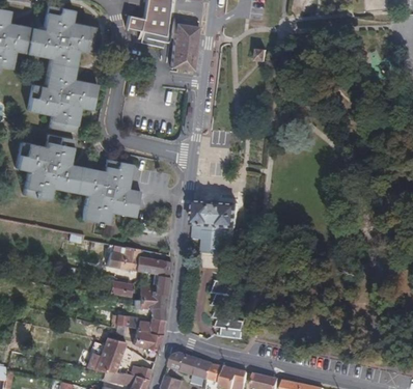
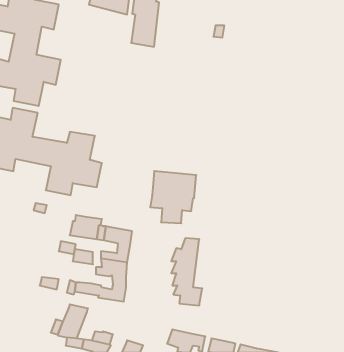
building: [133,331,163,351] -> none
building: [169,353,213,379] -> none

